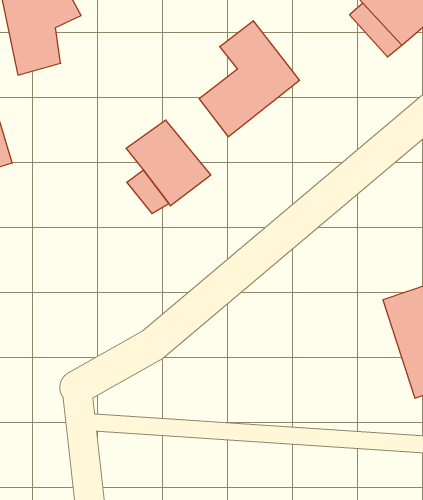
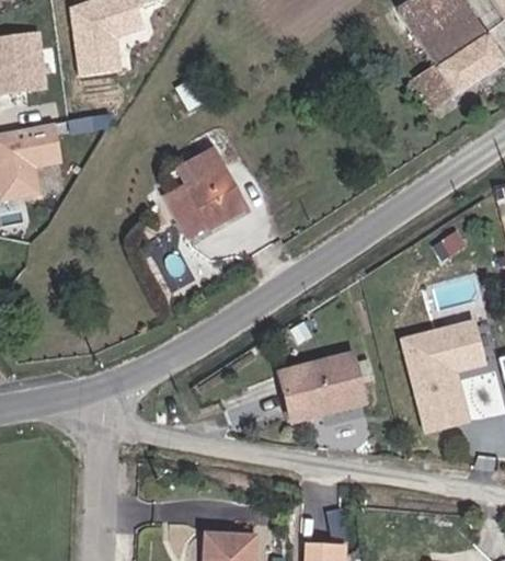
building: [199,21,299,137] -> none
building: none -> [278,356,364,423]

